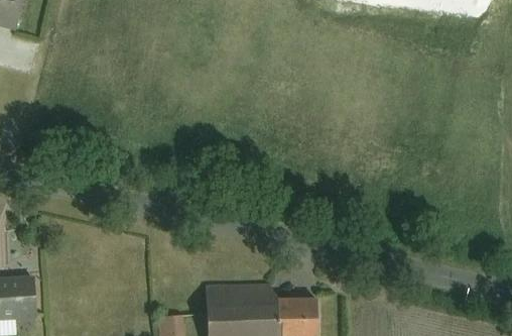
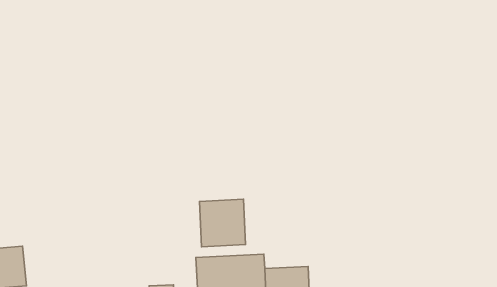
building: none -> [199,199,245,247]

